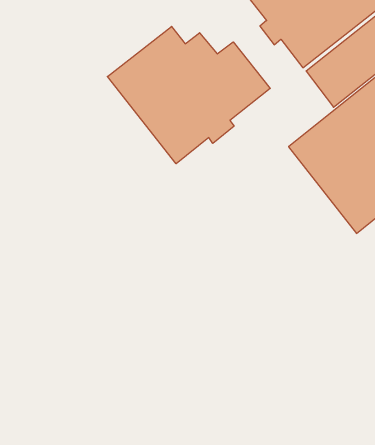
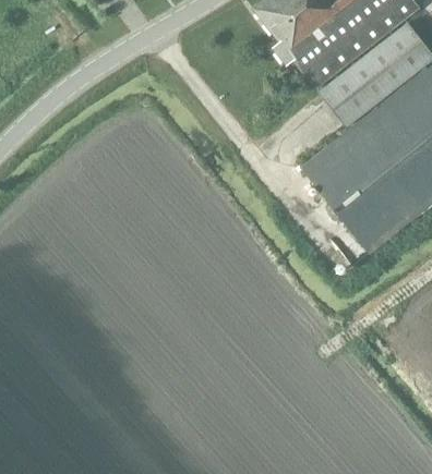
building: [107,26,270,164] -> none

